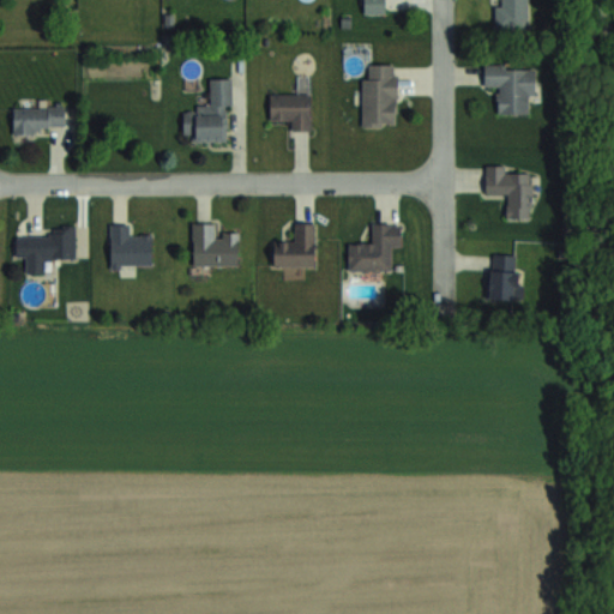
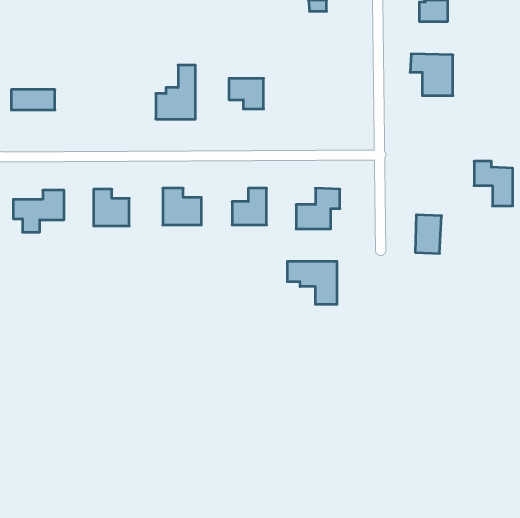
building: [362,66,396,127] -> none
building: [486,167,531,219] -> [474,161,513,206]
building: none -> [287,261,337,304]

